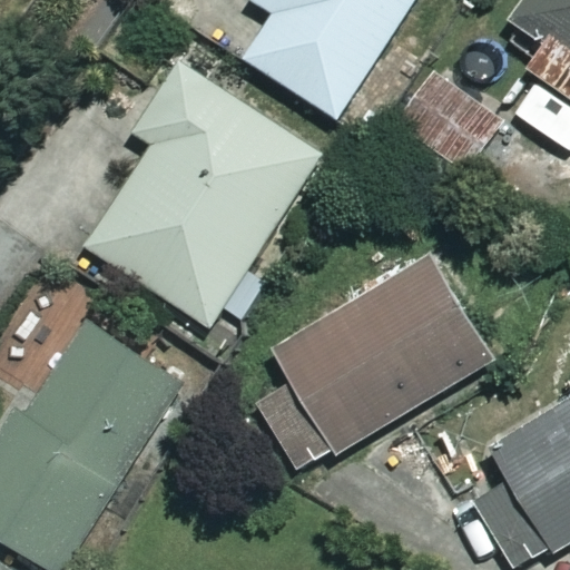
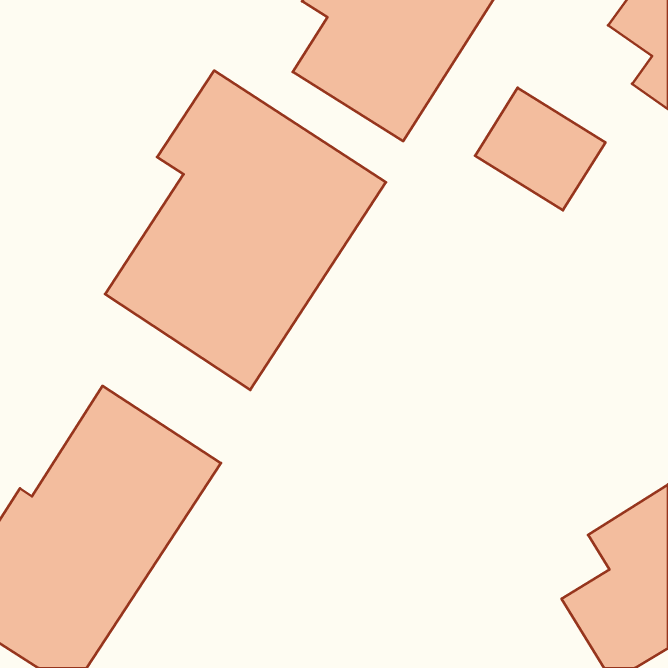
building: [254,256,489,472] -> none

